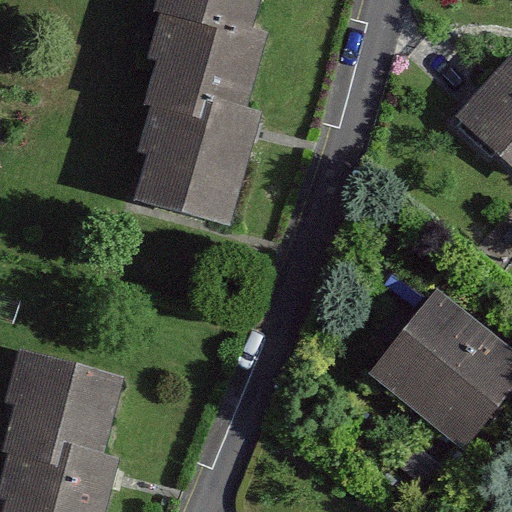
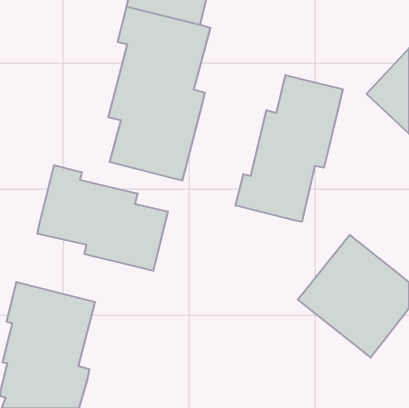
building: none -> [235,75,343,222]
building: none -> [37,165,168,271]

